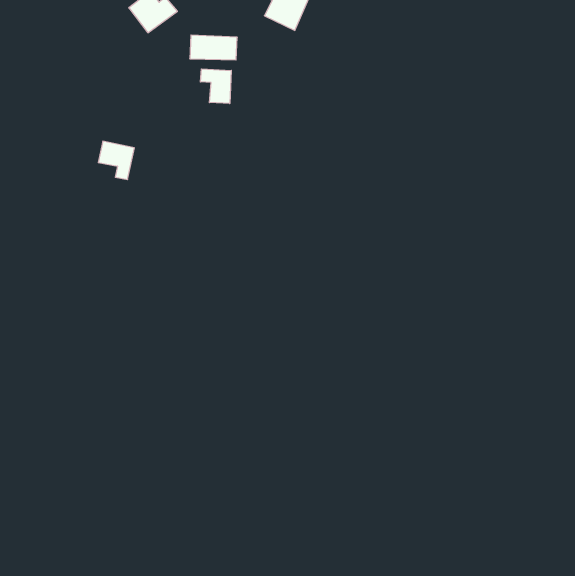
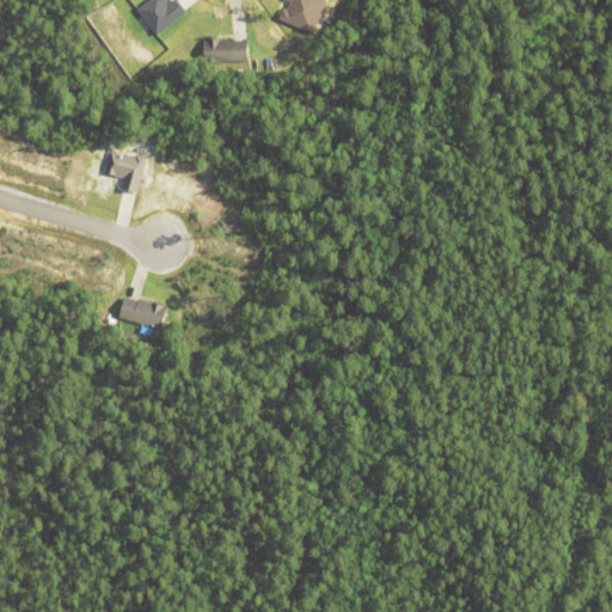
building: [200,69,231,104] -> none
building: none -> [120,298,169,326]

